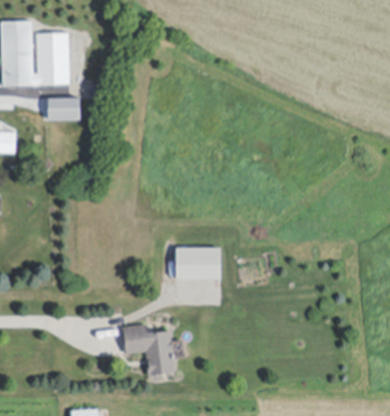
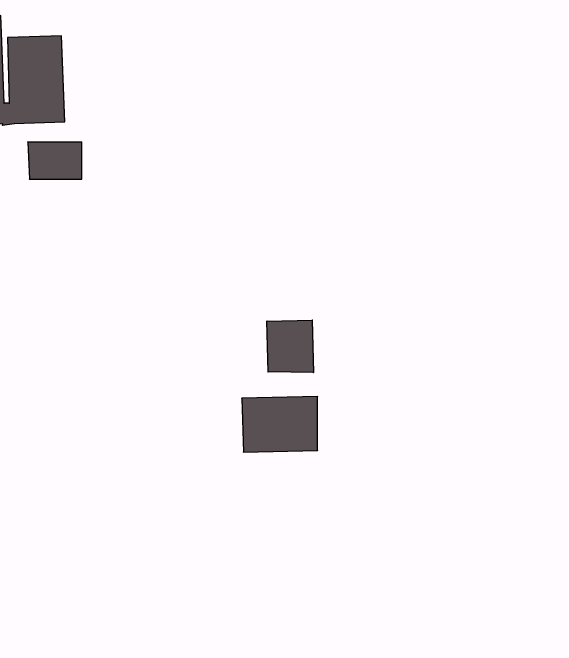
building: none -> [267,320,313,373]
building: [122,324,174,375] -> none

